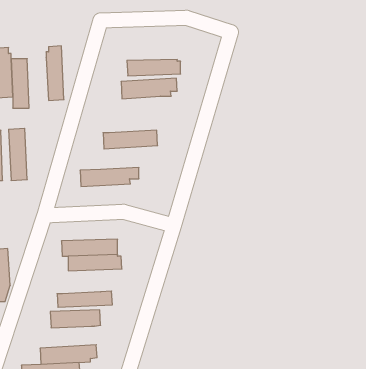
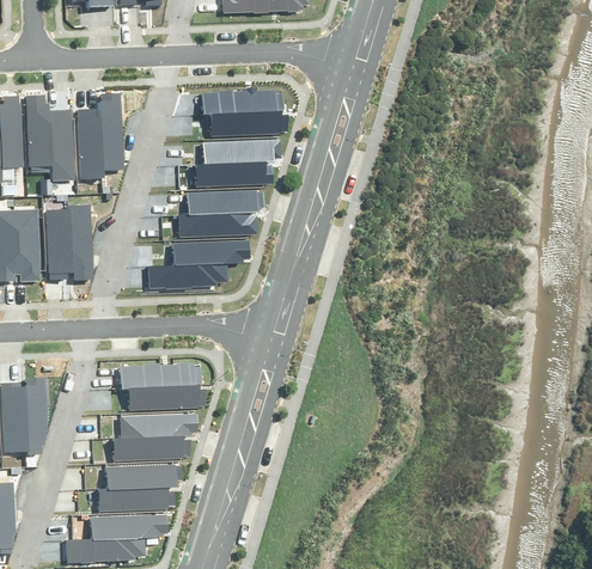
building: none -> [202,90,281,114]
building: none -> [74,109,100,179]
building: none -> [195,163,273,185]
building: none -> [184,188,258,214]
building: none -> [67,203,92,280]
building: none -> [172,238,251,265]
building: none -> [118,411,199,440]
building: none -> [96,485,166,510]

